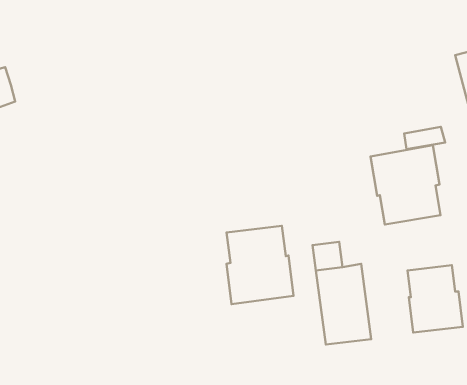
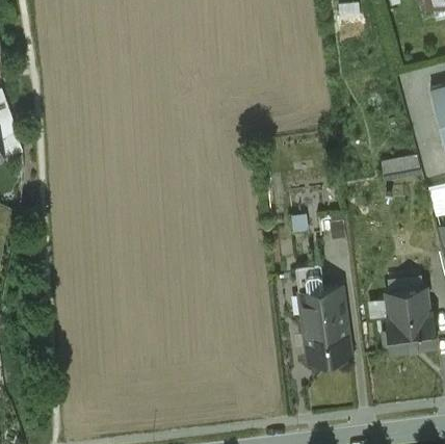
building: [370,145,440,225] -> none
building: [226,226,293,304] -> none

